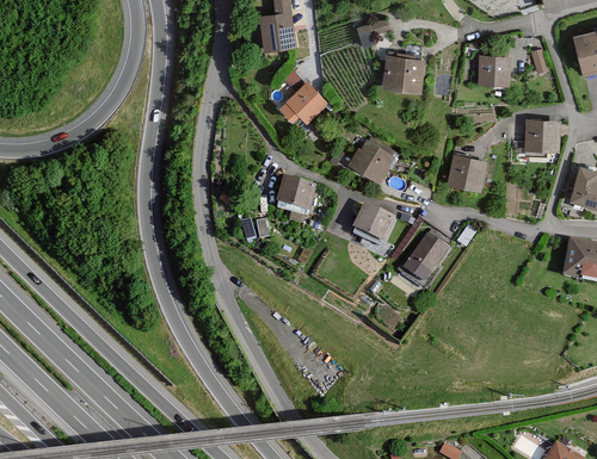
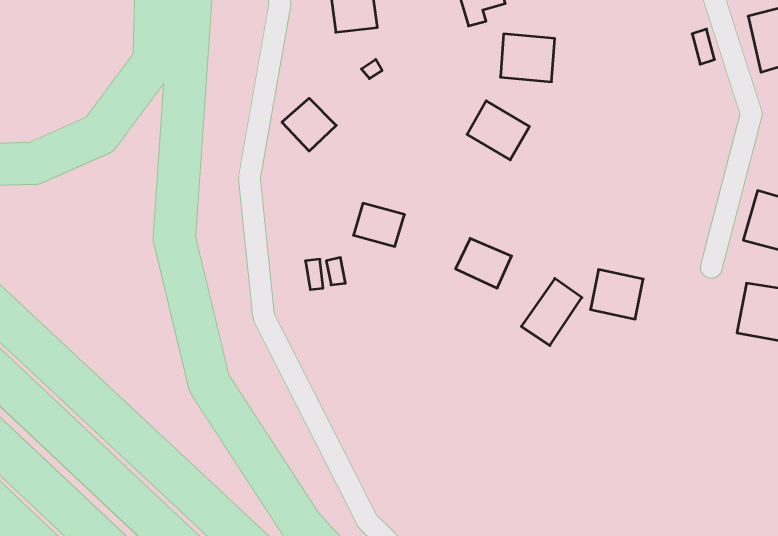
building: [479,52,512,83] -> none
building: [287,81,327,120] -> [282,98,336,151]
building: [524,122,558,153] -> none
building: [349,138,395,182] -> [467,101,529,160]
building: [447,157,486,194] -> [590,270,643,319]

